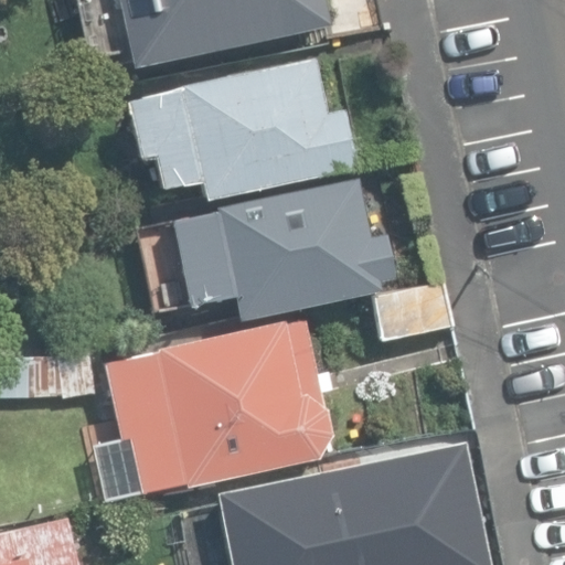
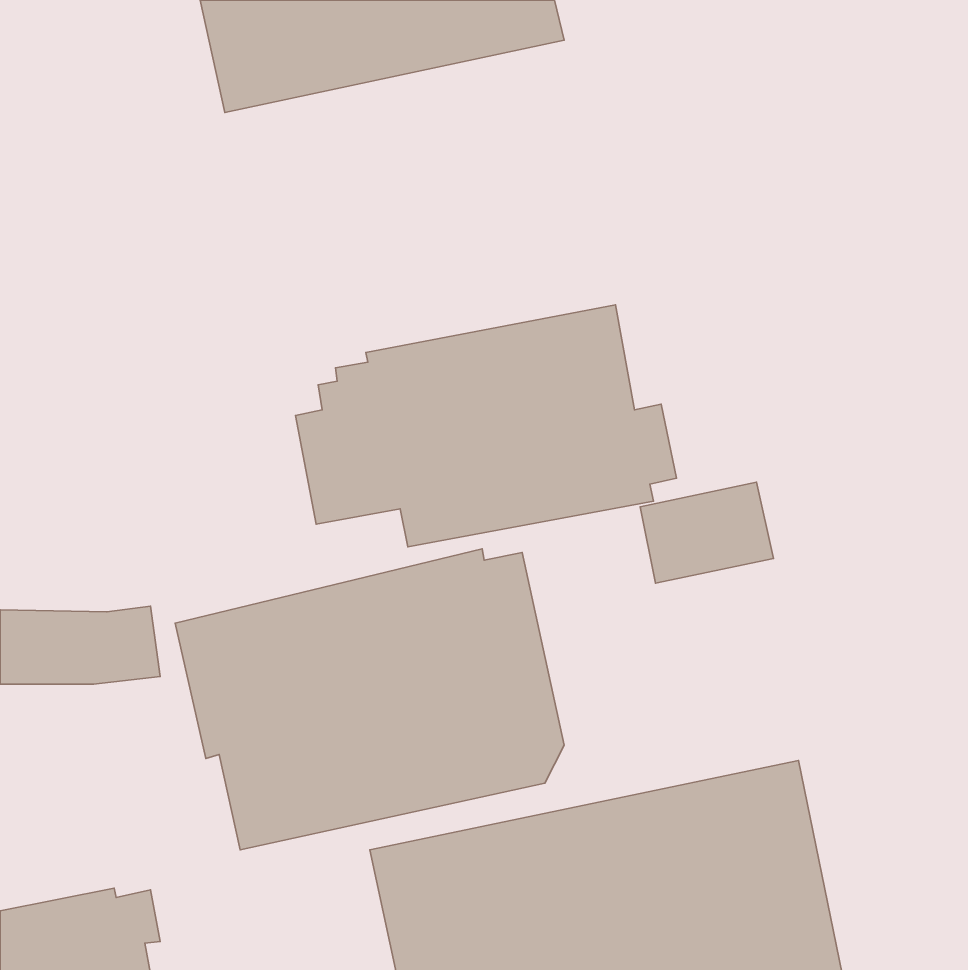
building: [128,58,356,199] -> none

